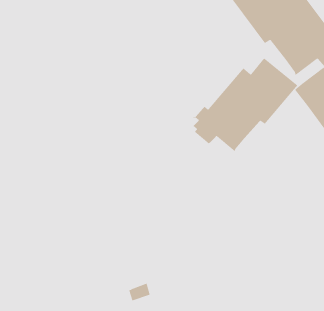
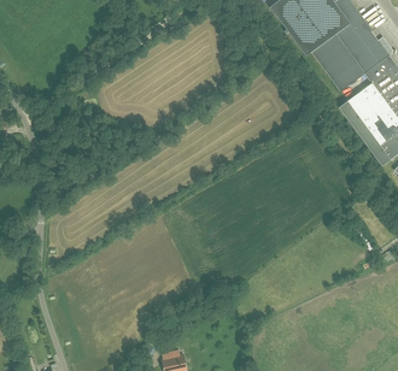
building: [193,57,298,152] -> none

